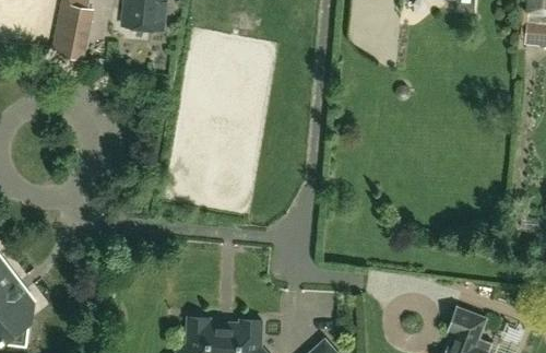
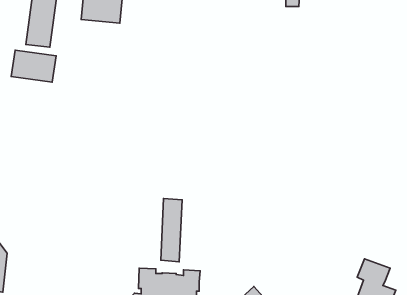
building: none -> [11,50,56,82]
building: none -> [161,198,182,262]

